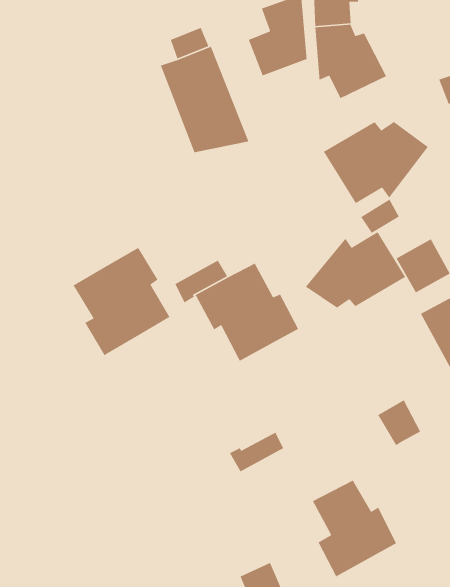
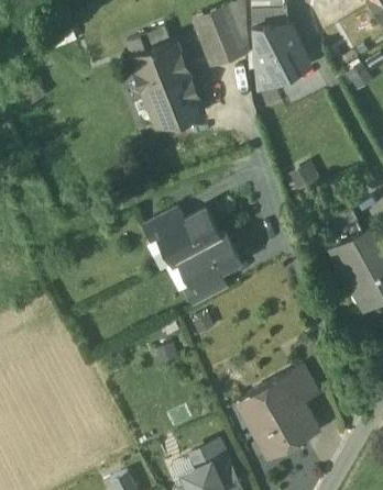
building: [323,121,429,204] -> none
building: [305,231,406,309] -> none
building: [72,247,170,357] -> none
building: [377,399,421,446] -> [282,368,316,404]
building: [229,431,284,473] -> [184,275,227,307]

